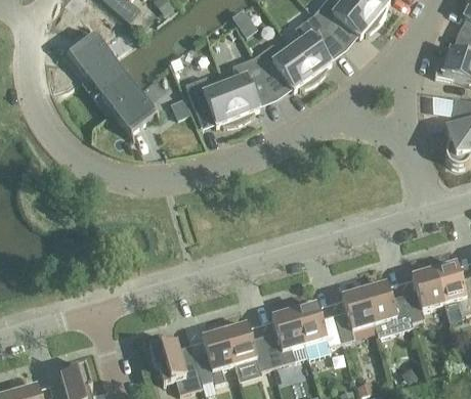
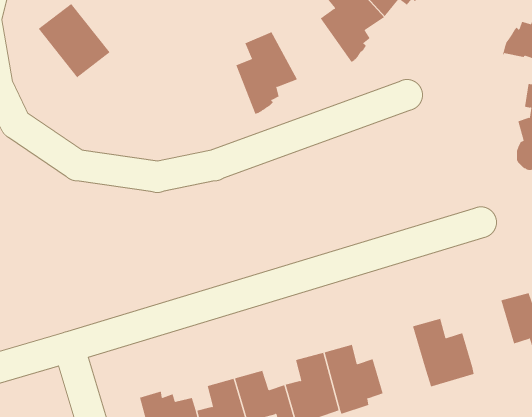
building: [253,43,315,94] -> none
building: [99,73,156,132] -> none
building: [185,75,240,125] -> none
building: [403,268,443,321] -> none
building: [333,289,374,342] -> none

